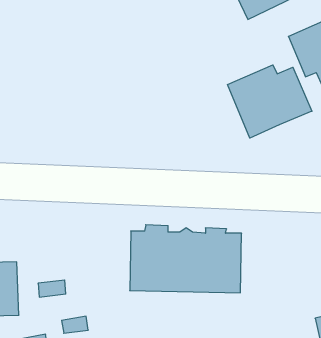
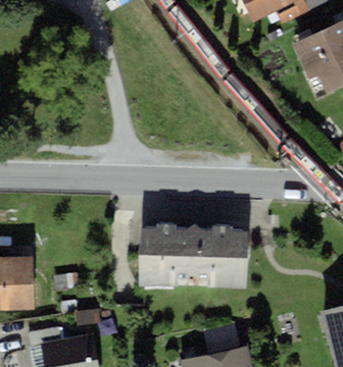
building: [228,65,312,138] -> none

